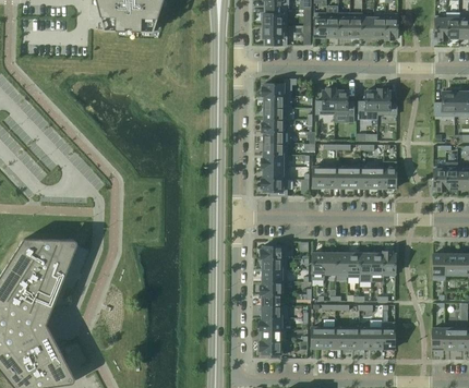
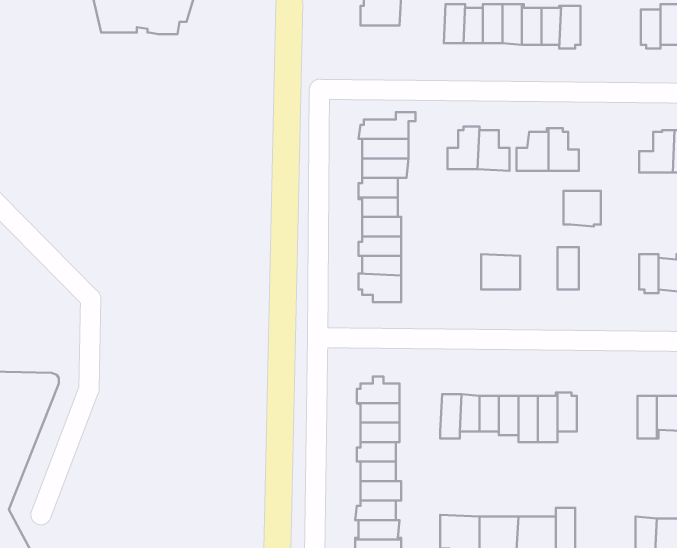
building: [263,26,287,46] -> none
building: [313,167,337,189] -> none
building: [361,168,384,190] -> [564,191,601,226]

